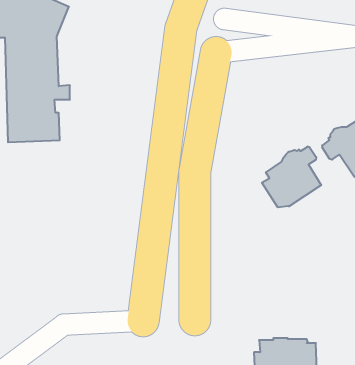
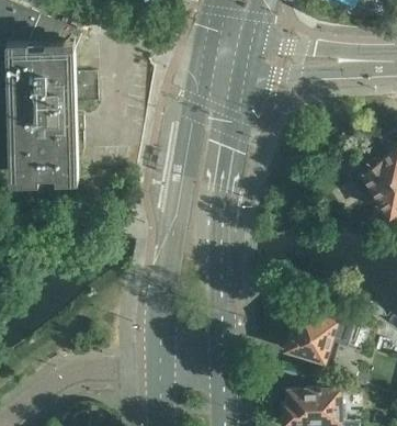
building: [262,146,321,207] -> none
building: none -> [284,303,351,363]

